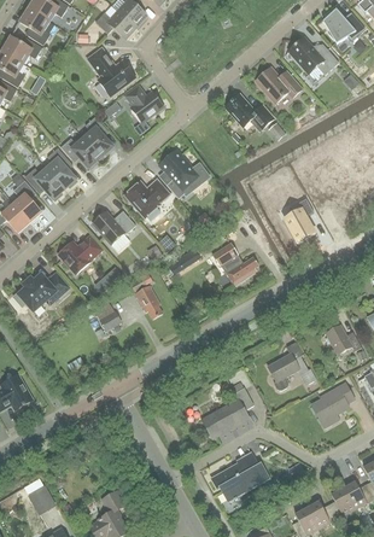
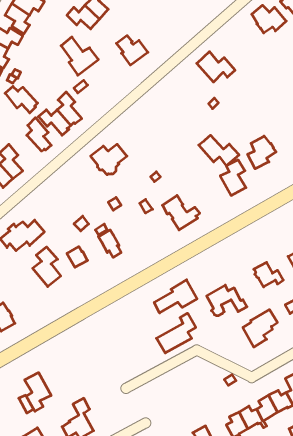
building: [288,36,338,74] -> none
building: [124,84,163,121] -> [116,36,148,65]
building: [224,93,274,130] -> [199,135,239,166]
building: [160,148,206,197] -> none
building: [24,167,64,199] -> [5,86,38,113]
building: none -> [248,136,276,169]
building: [92,209,135,243] -> none
building: [58,234,101,273] -> none
building: none -> [33,247,61,287]
building: none -> [154,280,197,313]
building: [211,451,268,501] -> none
building: none -> [25,373,51,411]

